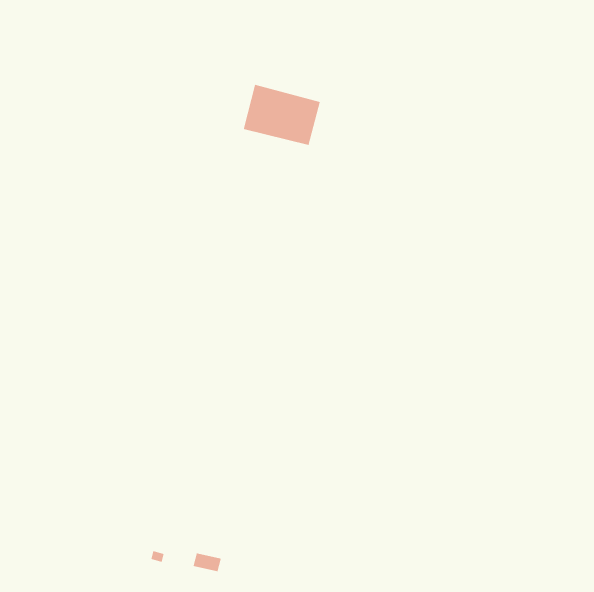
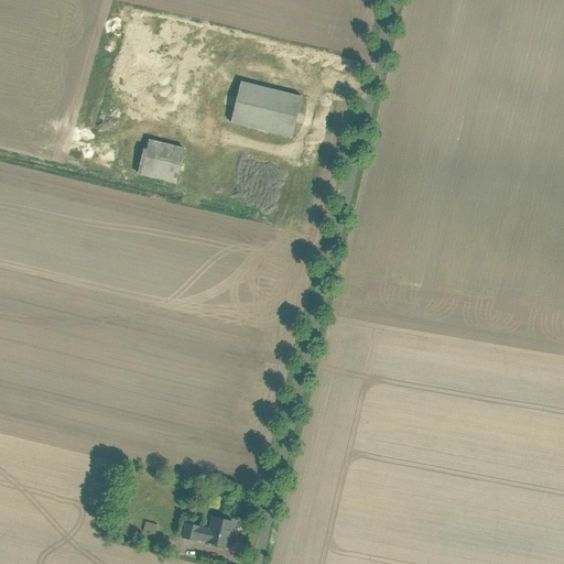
building: none -> [137,139,184,183]
building: none -> [206,516,232,546]

